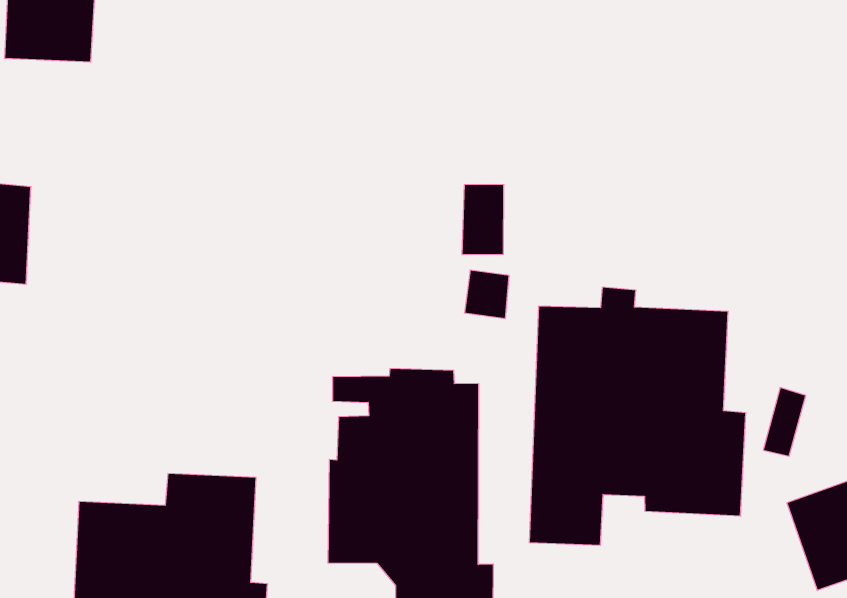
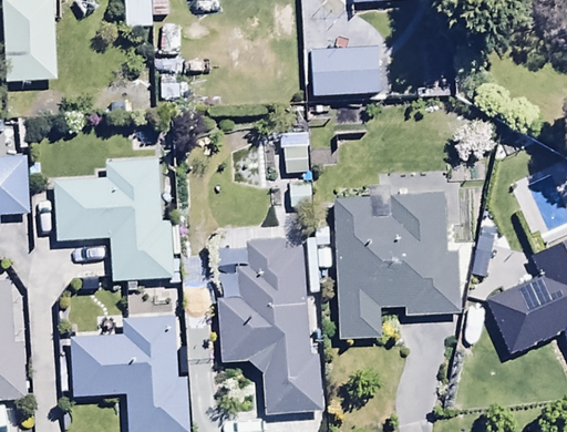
building: none -> [310,45,382,96]
building: none -> [54,156,173,280]

